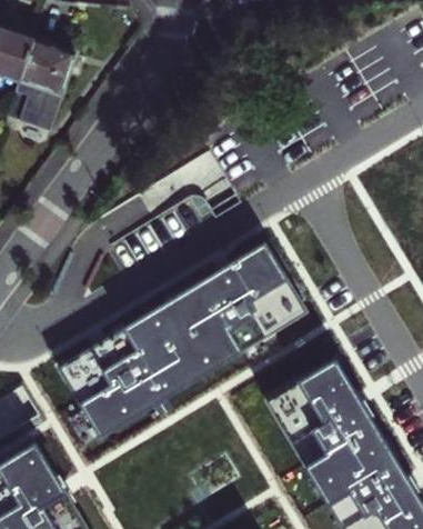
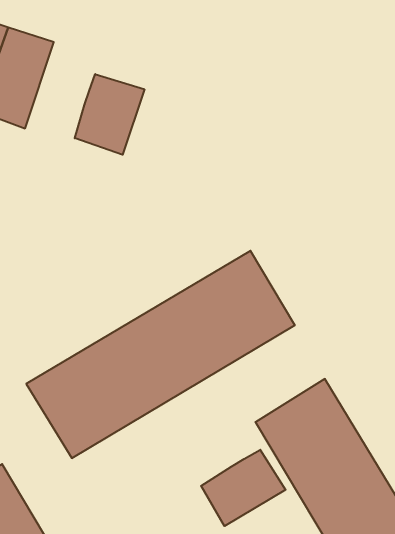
building: none -> [75,74,144,155]
building: none -> [201,450,286,526]

